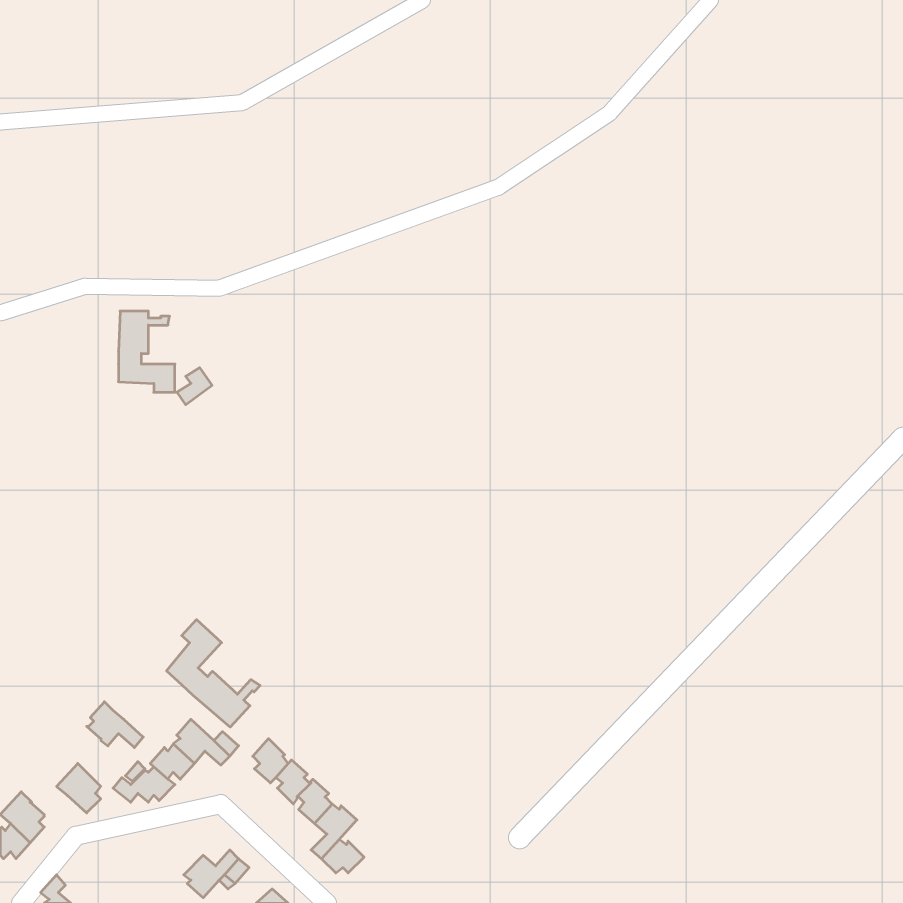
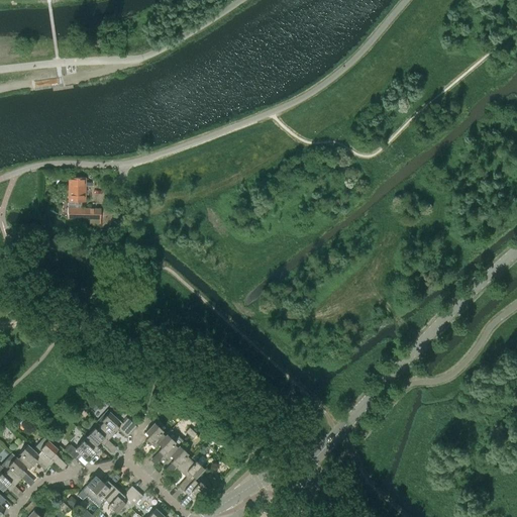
building: [167,620,260,727] -> none
building: [87,702,143,748] -> [17,444,49,471]
building: none -> [82,472,120,506]

